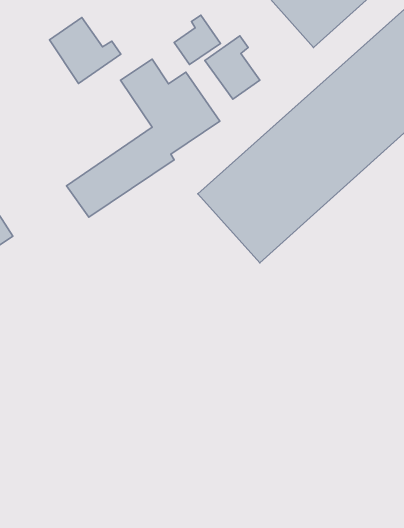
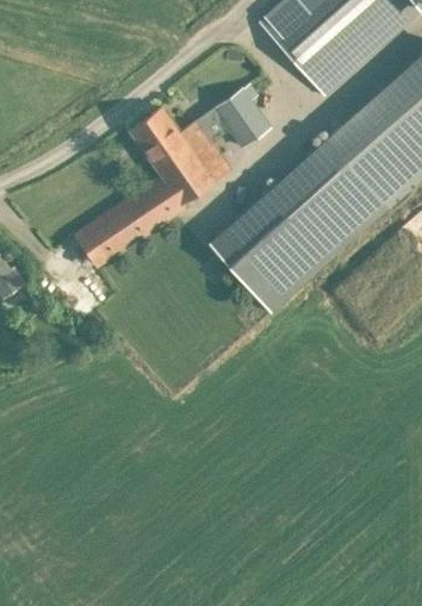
building: [174,15,221,64] -> none
building: [50,17,121,83] -> none

